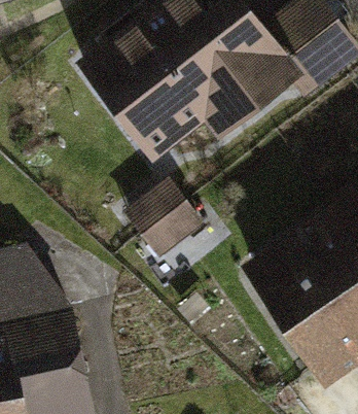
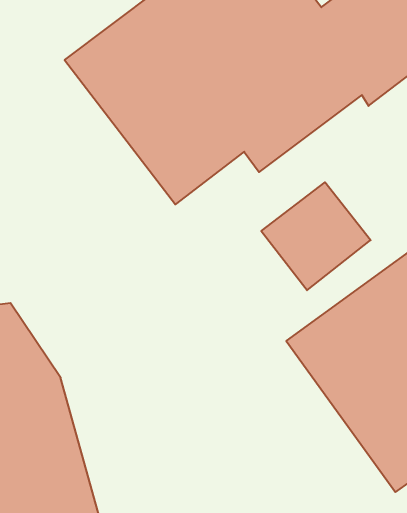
building: [122,178,206,261] -> [261,182,371,290]

